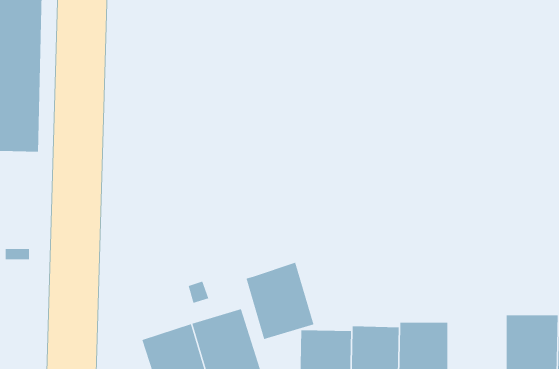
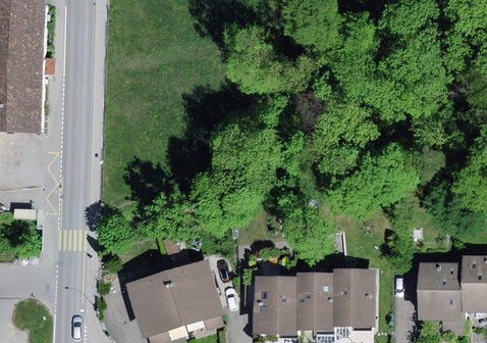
building: [246,262,314,340] -> none

